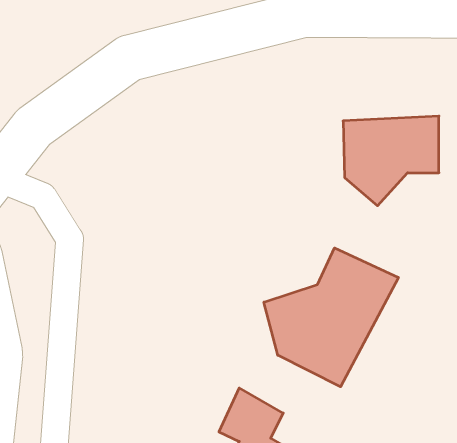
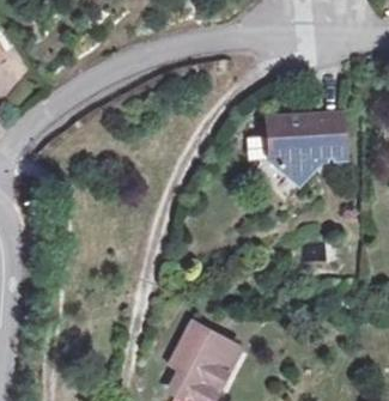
building: [264,248,398,387] -> none

